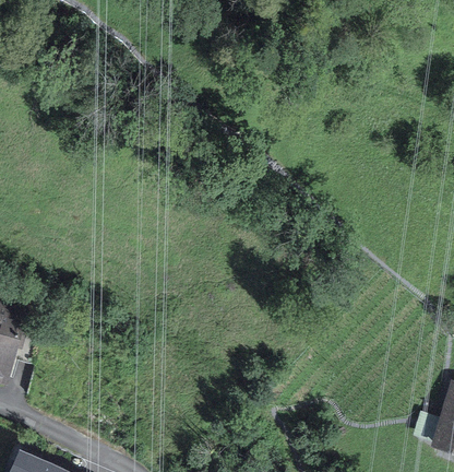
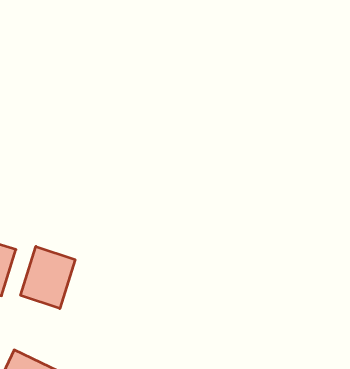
building: none -> [21,246,75,309]

